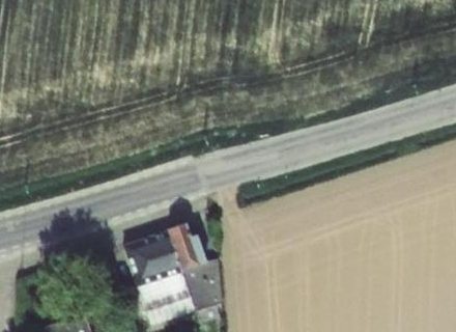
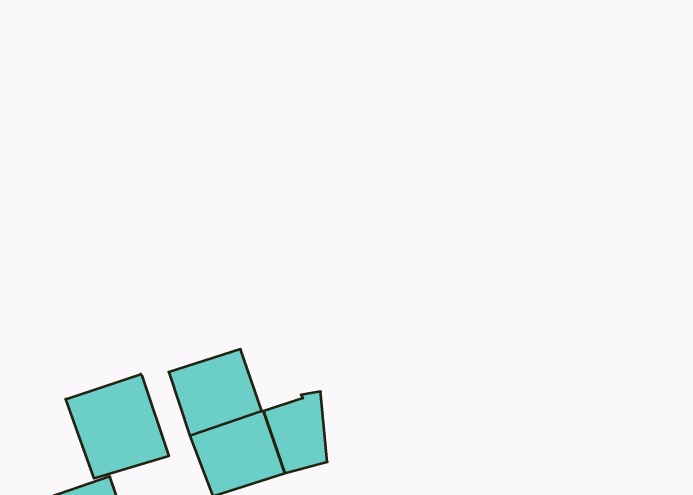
building: [168,225,207,271] -> none
building: none -> [66,374,169,478]

